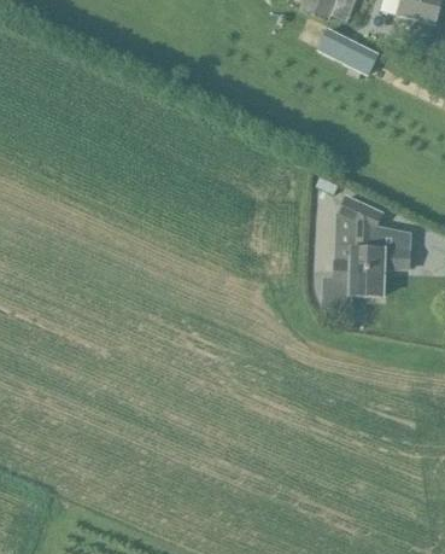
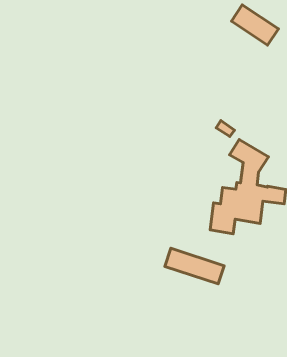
building: none -> [165,248,224,284]

